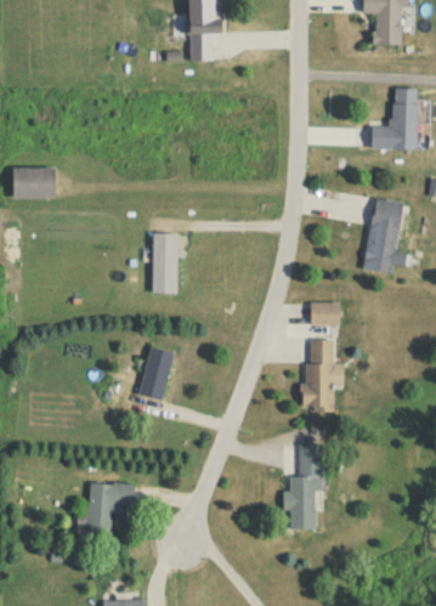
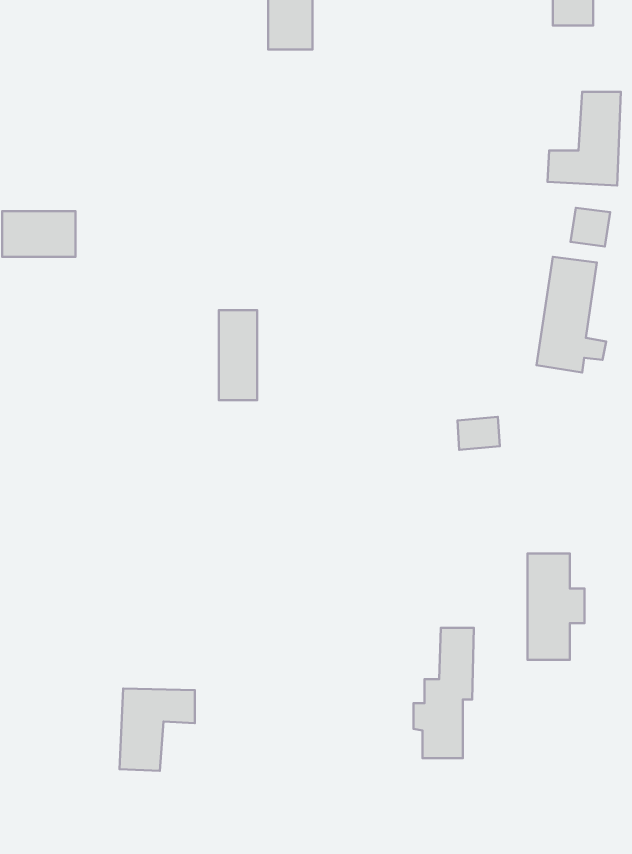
building: none -> [571,208,610,246]
building: [305,340,342,410] -> [528,553,585,660]
building: [140,347,175,402] -> none

